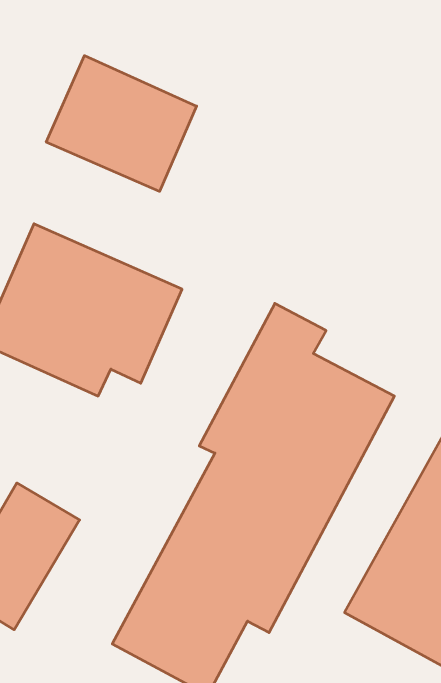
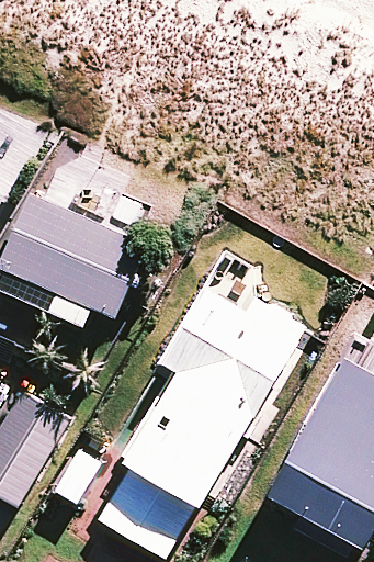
building: [46,56,197,191] -> none

